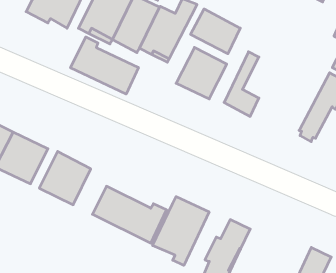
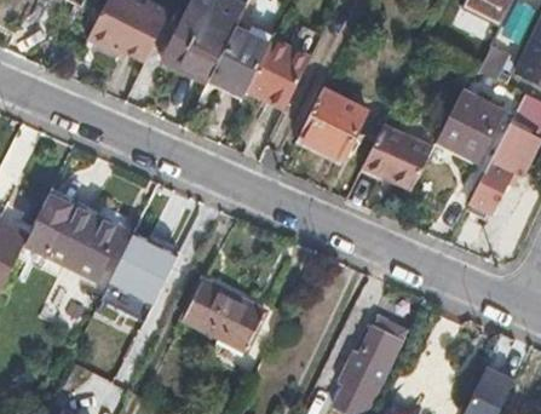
building: [191,9,240,54] -> none
building: [71,37,138,94] -> none
building: none -> [437,88,502,157]
building: [153,197,209,265] -> none

